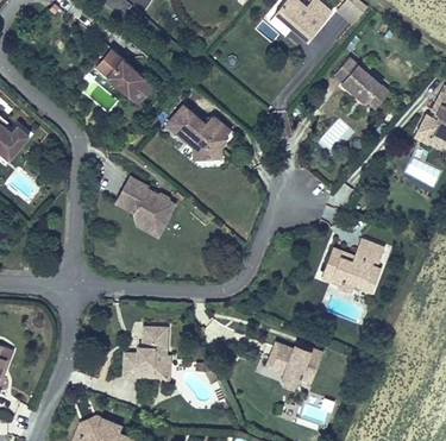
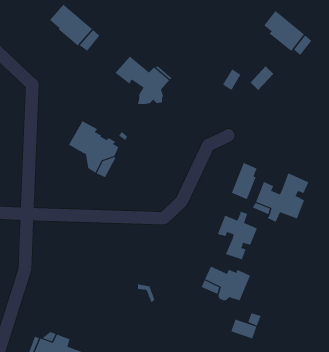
building: none -> [231,162,257,200]
building: none -> [217,211,258,260]
building: [123,325,169,377] -> none

